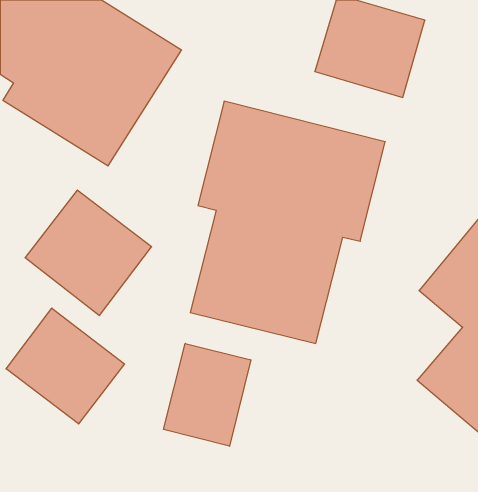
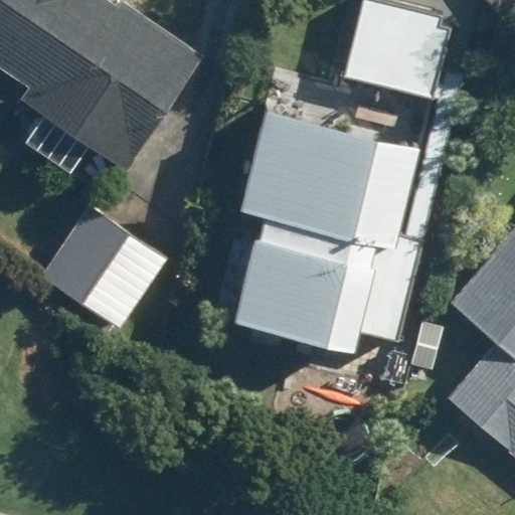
building: [6,308,124,424] -> none
building: [164,343,251,446] -> none

